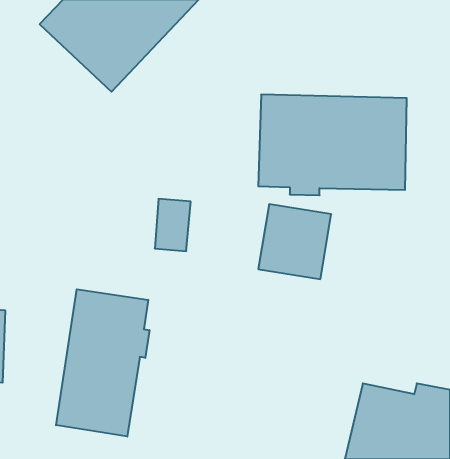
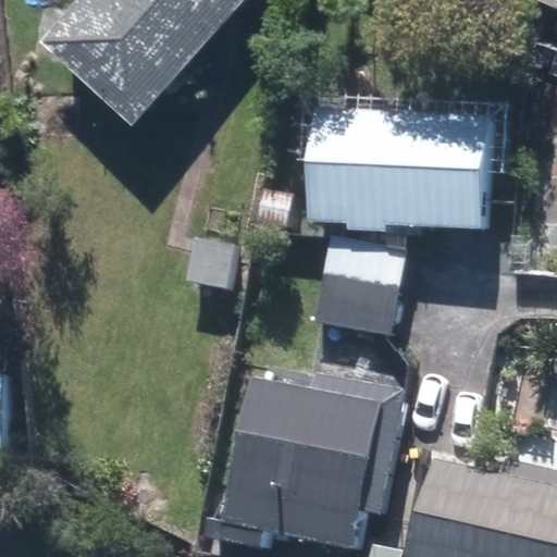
building: [56,289,149,437] -> none
building: none -> [202,373,398,549]

